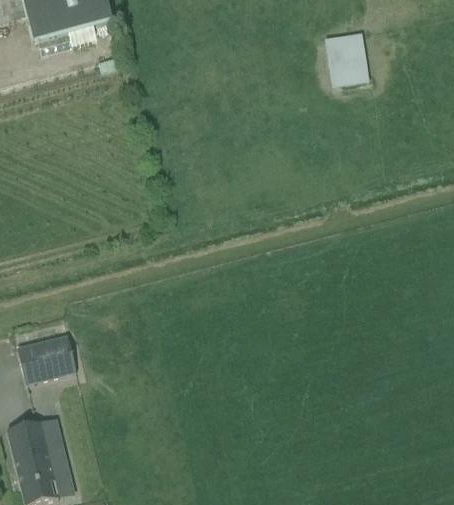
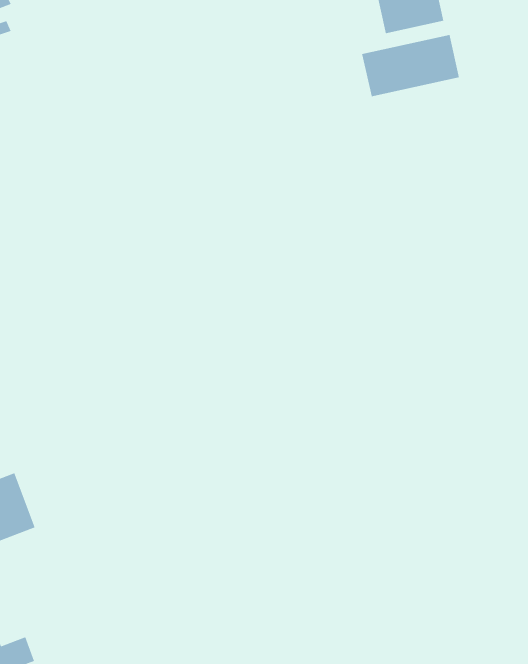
building: none -> [362,34,460,97]

